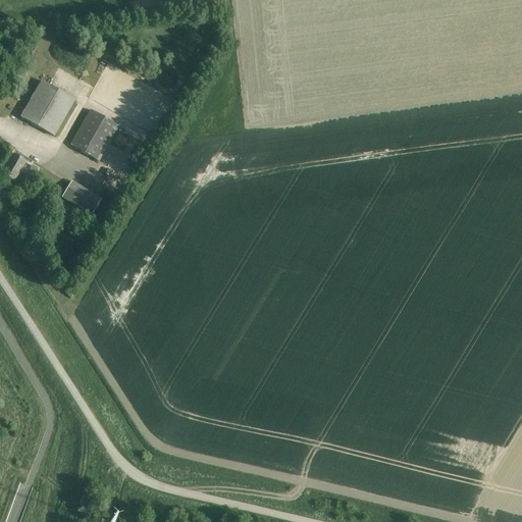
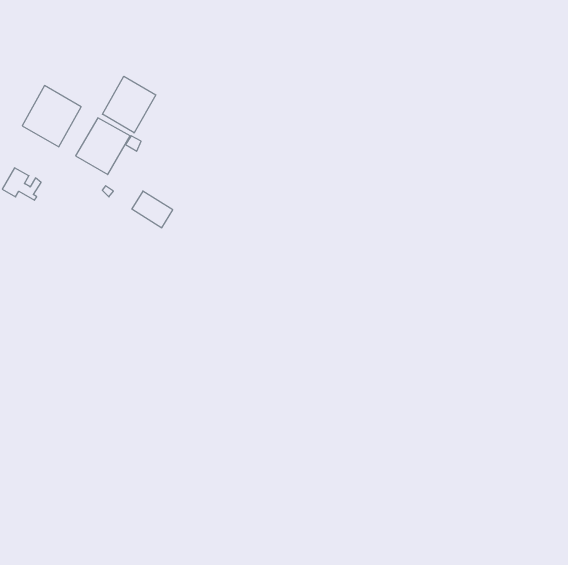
building: none -> [102,76,156,133]
building: [62,179,100,213] -> [132,191,173,228]

